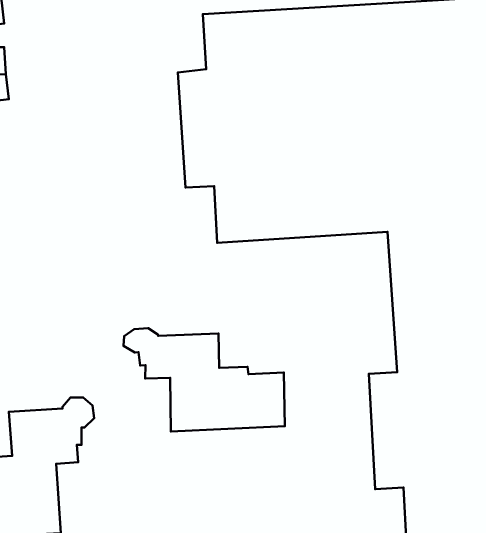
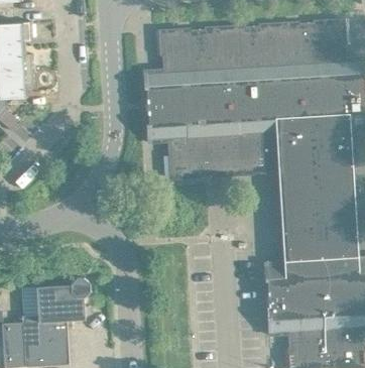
building: [124,328,285,432] -> none

